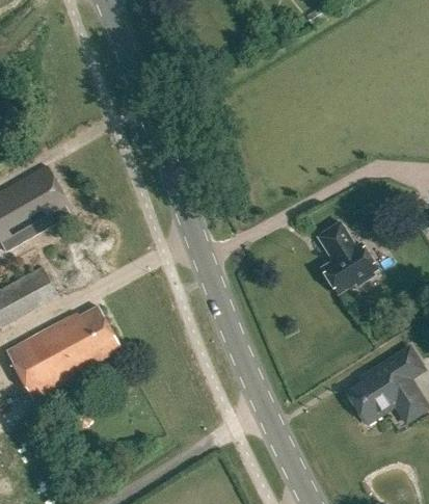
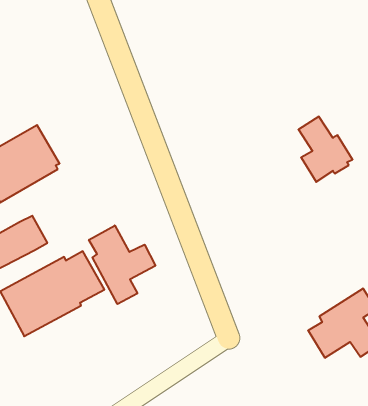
building: [318,223,378,296] -> [298,117,353,182]
building: none -> [89,225,155,304]

